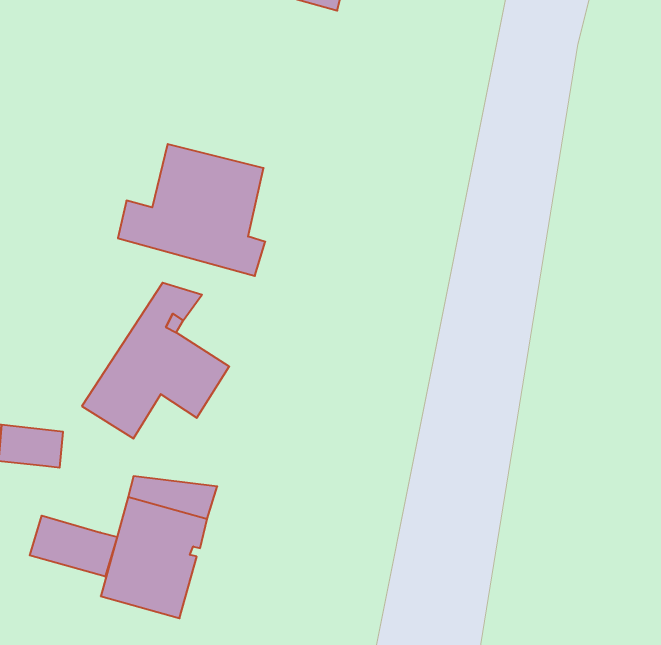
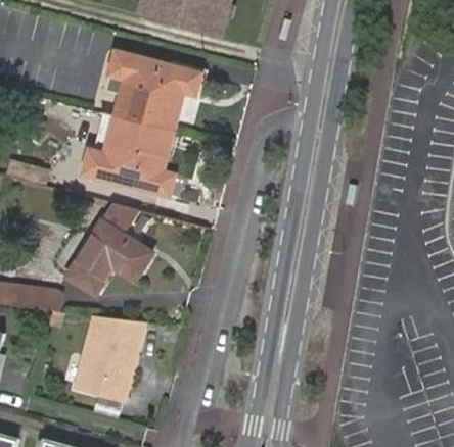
building: none -> [111,51,199,131]
building: [30,516,117,577] -> none

